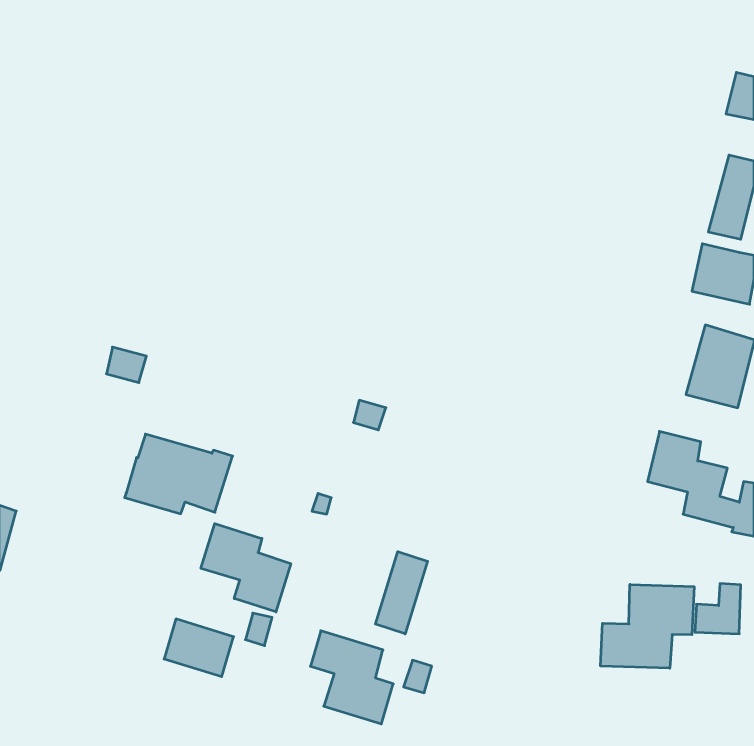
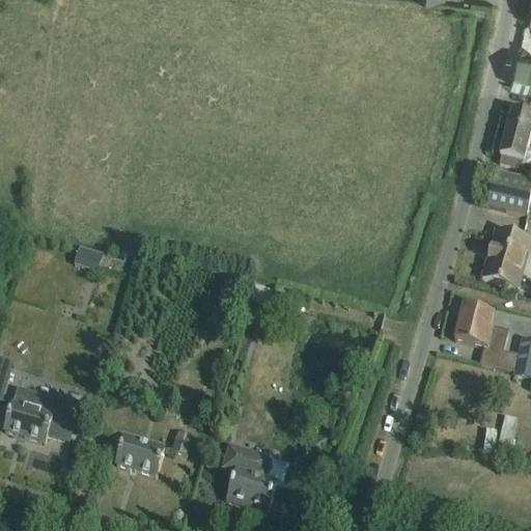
building: [125,434,233,514] -> [4,385,80,441]
building: [201,524,291,612] -> none
building: [375,552,428,634] -> none
building: [601,584,694,668] -> none

